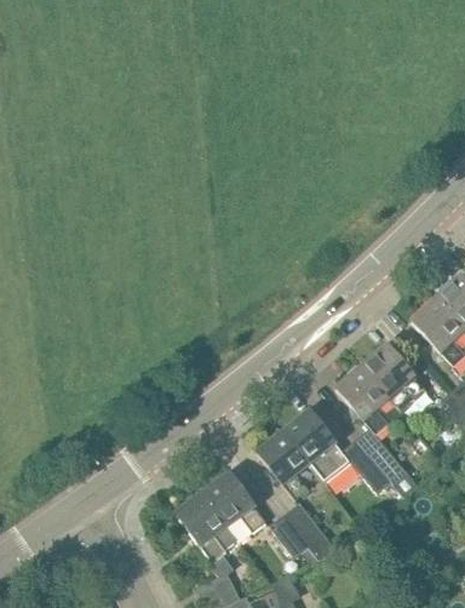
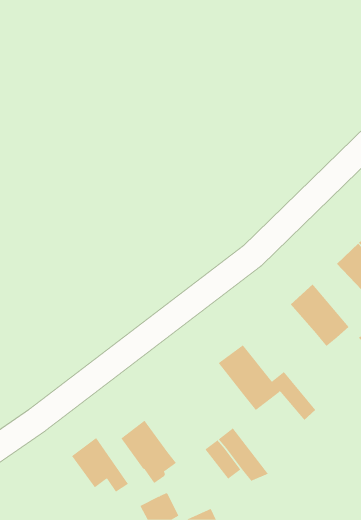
building: [335,365,418,495] -> none
building: [257,429,309,498] -> none
building: [202,470,265,530] -> [71,437,129,493]

